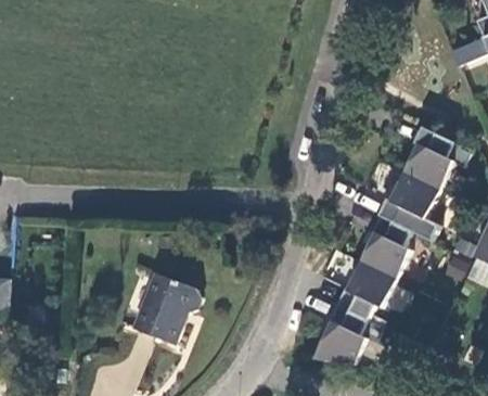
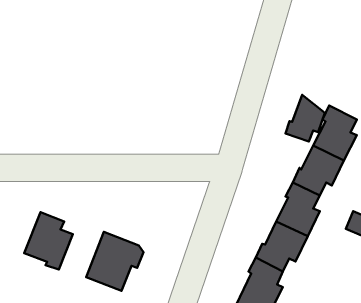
building: none -> [285,95,325,141]
building: none -> [24,212,73,269]

